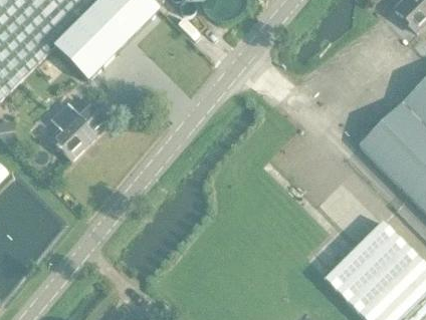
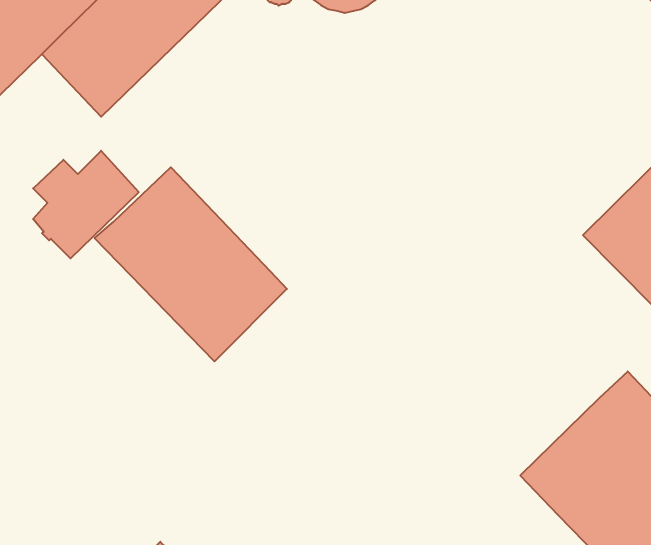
building: none -> [95,167,287,361]

